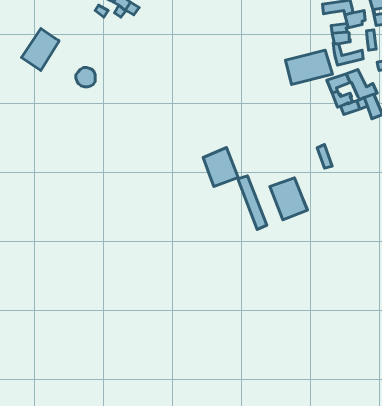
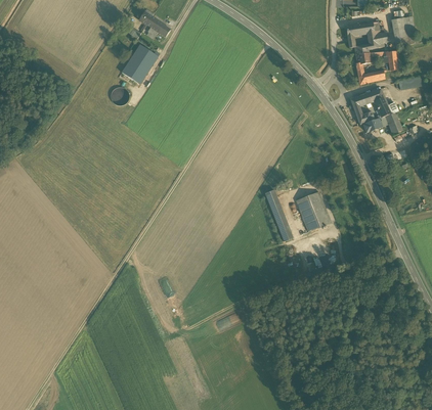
building: [21,29,59,70] -> [121,44,157,84]
building: [285,50,332,85] -> none
building: [203,148,238,187] -> none

